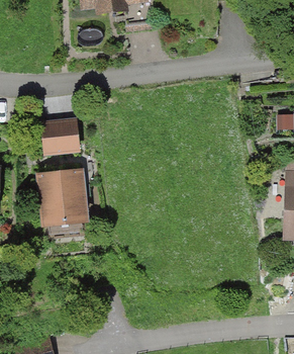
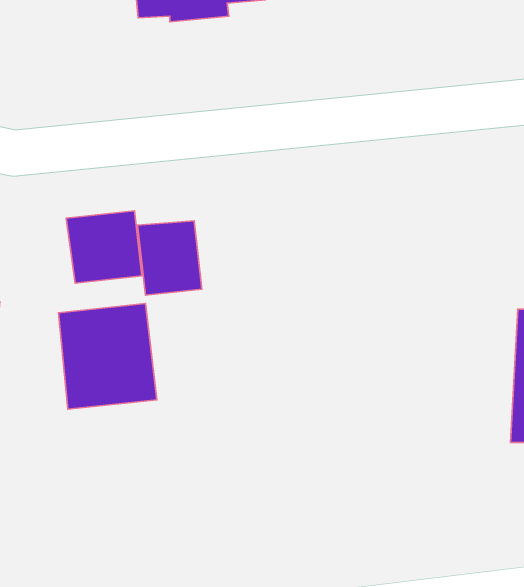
building: none -> [137,221,202,295]

